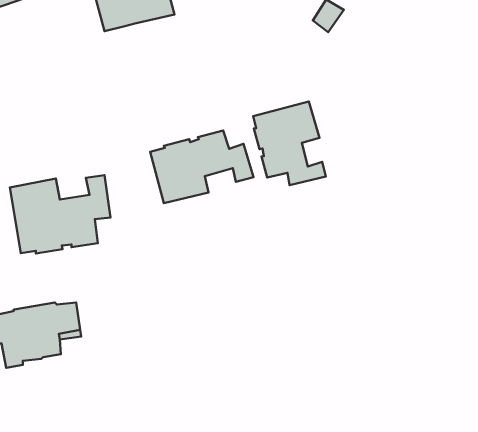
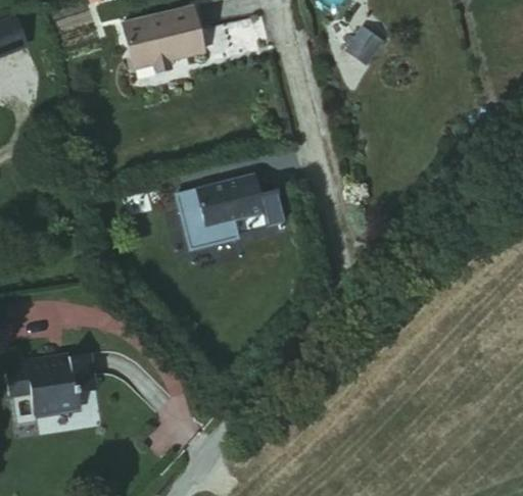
building: [253,101,326,185] -> none
building: [10,175,110,253] -> none

